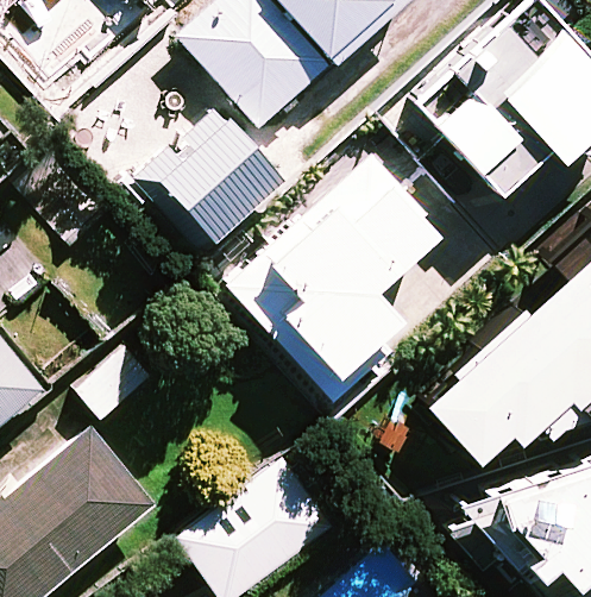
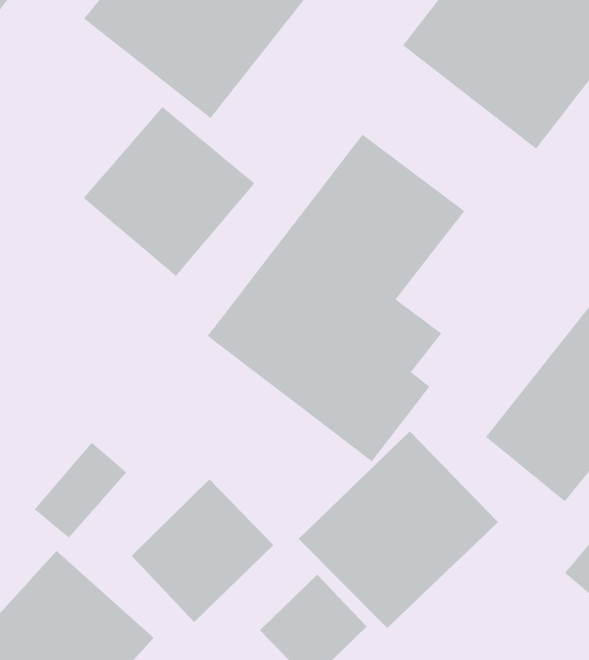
building: none -> [298,431,499,629]
building: none -> [131,478,274,623]

